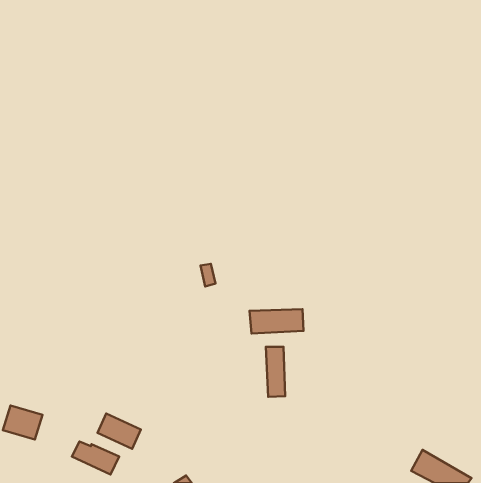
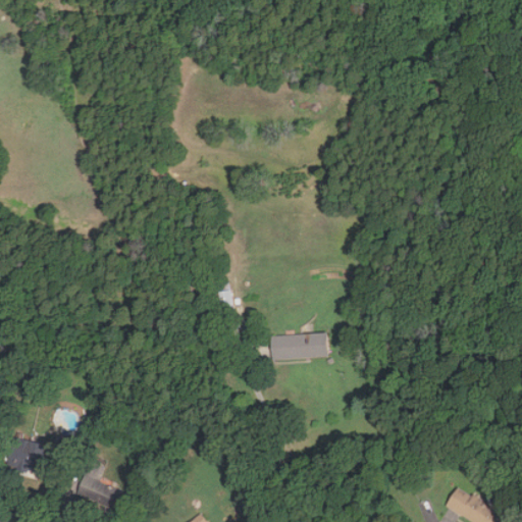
building: [266,347,285,397] -> none
building: [98,413,141,449] -> none

